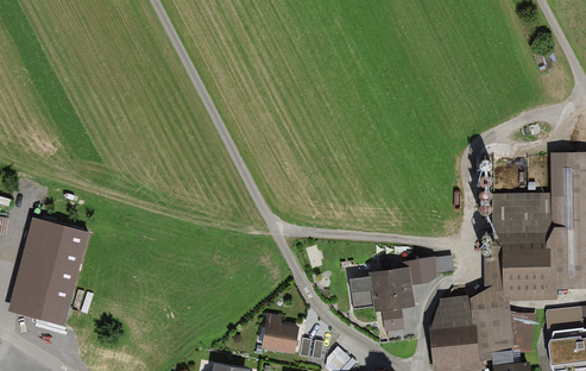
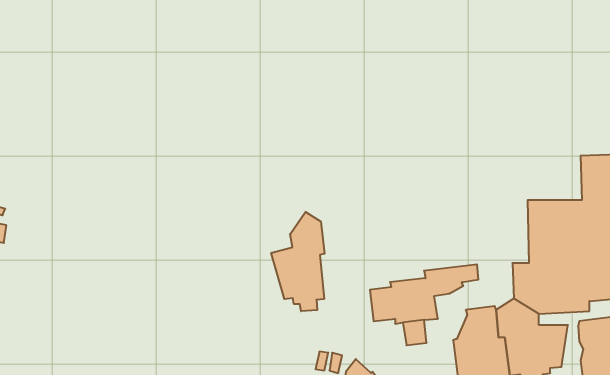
building: none -> [271,212,325,311]
building: [10,220,86,323] -> none
building: [260,314,298,354] -> none

